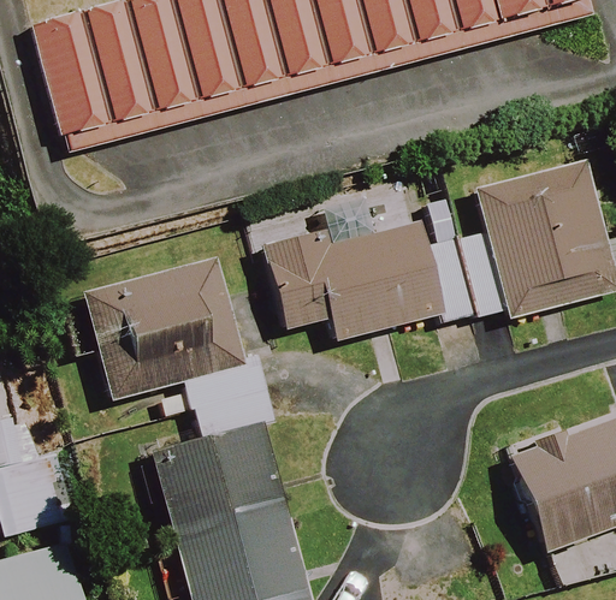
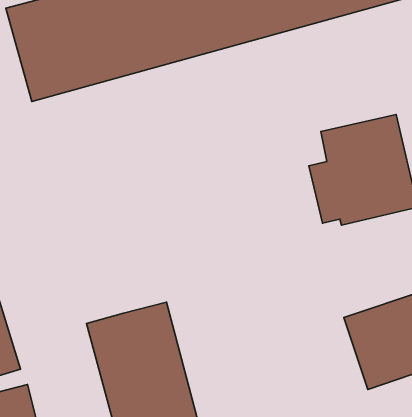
building: [267,219,481,339] -> none
building: [81,250,277,440] -> none

